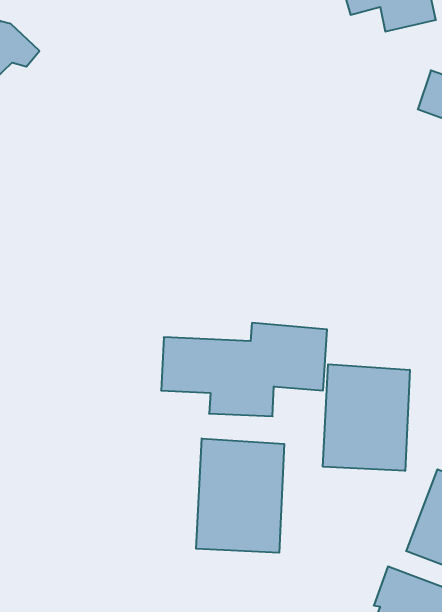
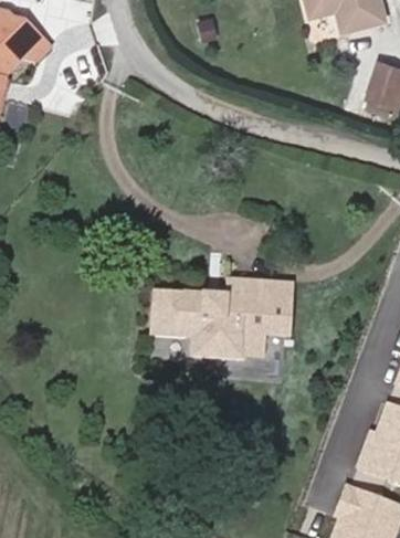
building: [323,364,410,471] -> none
building: [196,438,284,553] -> none

